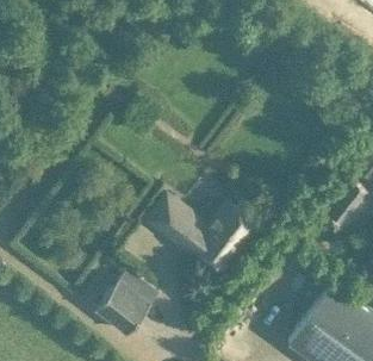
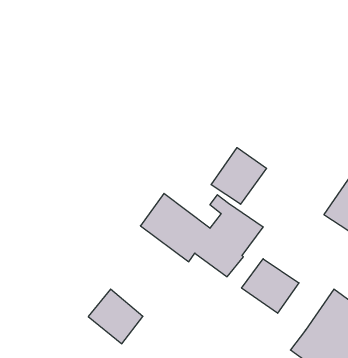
building: none -> [211,148,267,204]
building: none -> [242,259,299,313]

